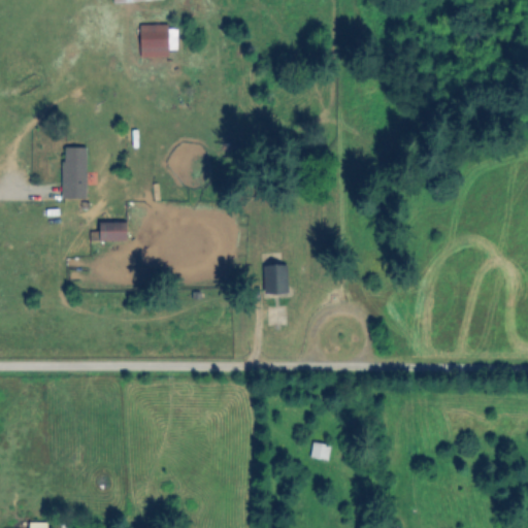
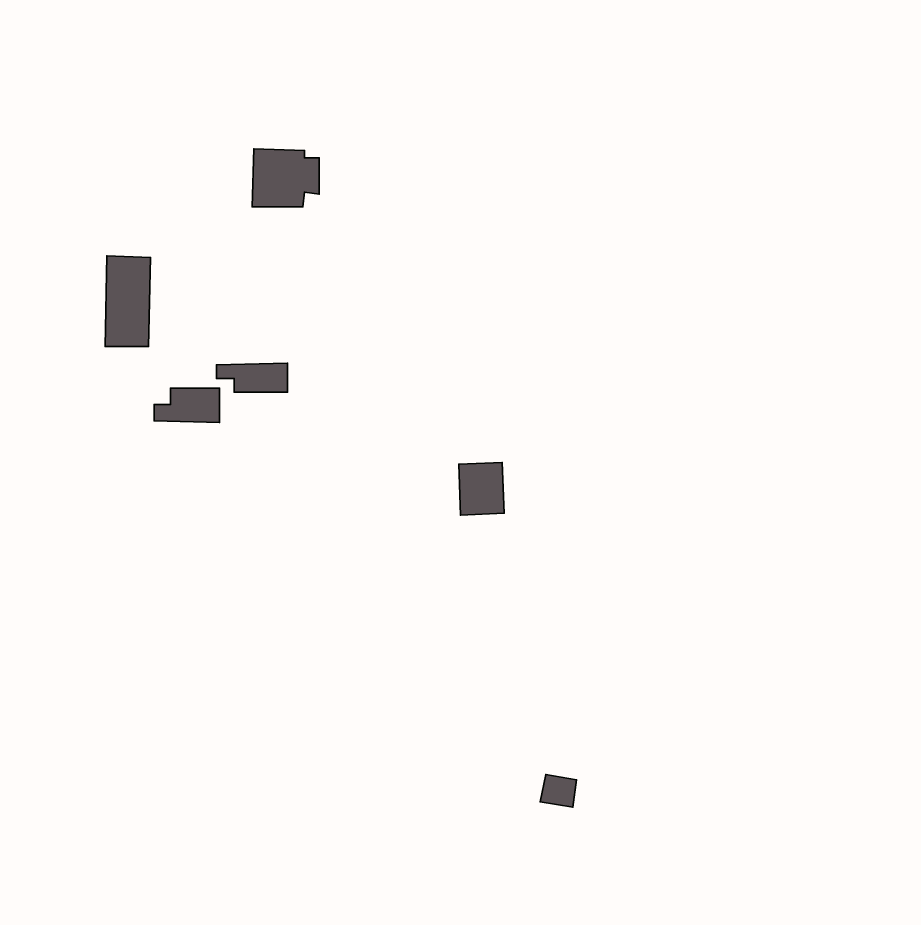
building: [140,24,178,57] -> [252,149,319,207]
building: none -> [217,363,287,392]

